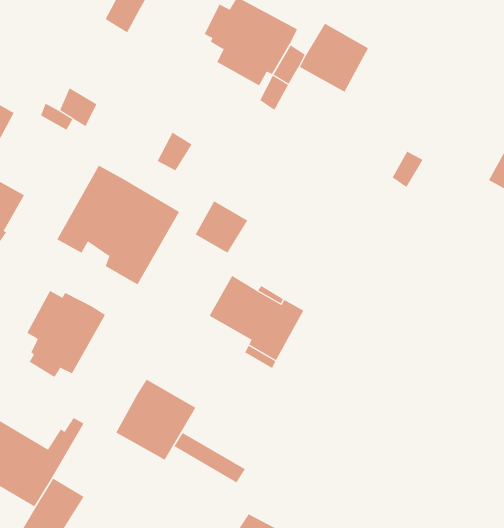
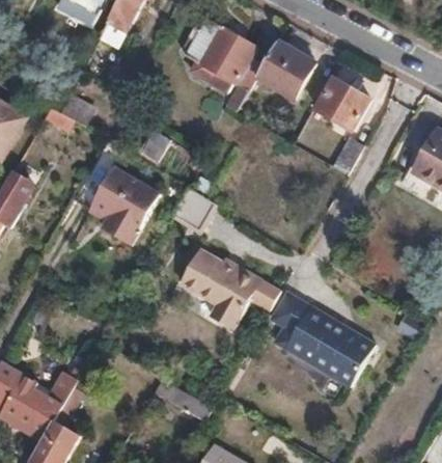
building: none -> [317,80,369,130]
building: [26,290,106,378] -> none
building: none -> [271,294,375,385]
building: [116,379,196,461] -> none

